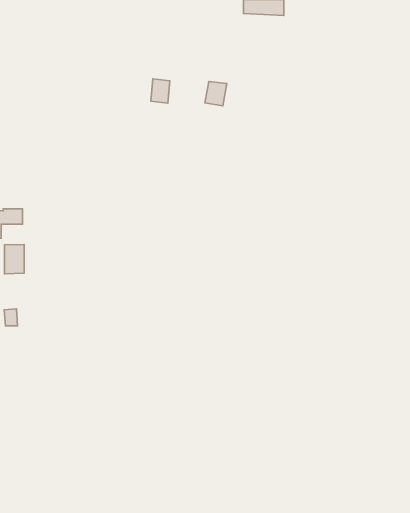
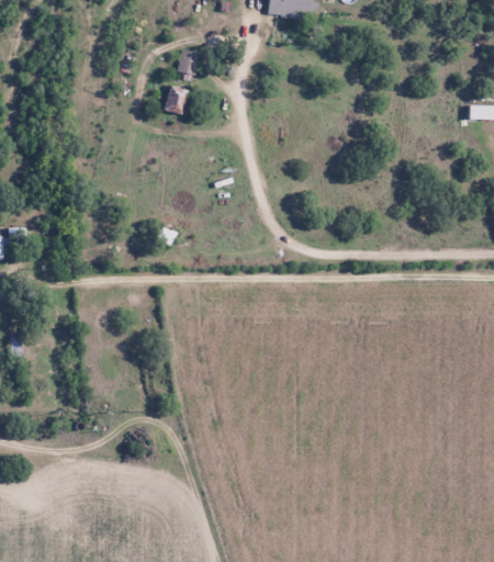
building: [205,82,227,106] -> [177,48,201,75]
building: [5,244,24,274] -> none

